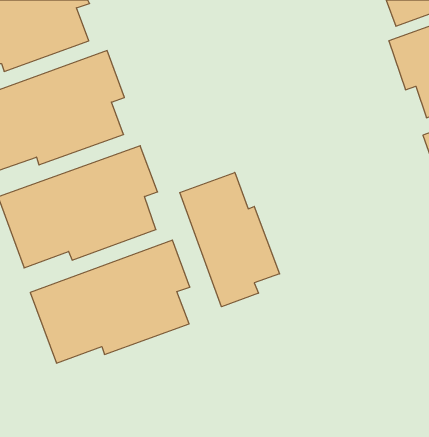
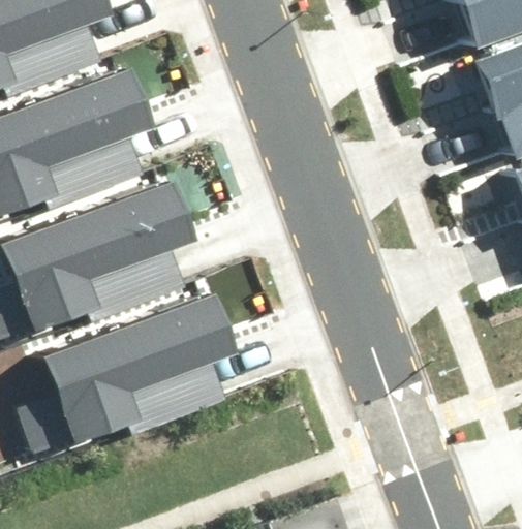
building: [180,172,280,307] -> none

